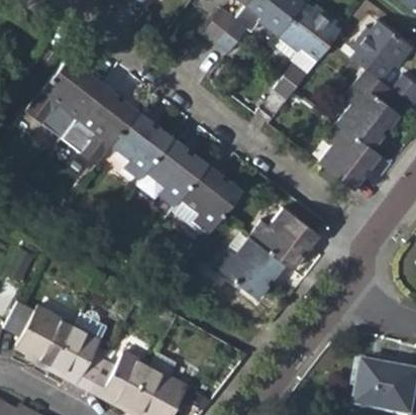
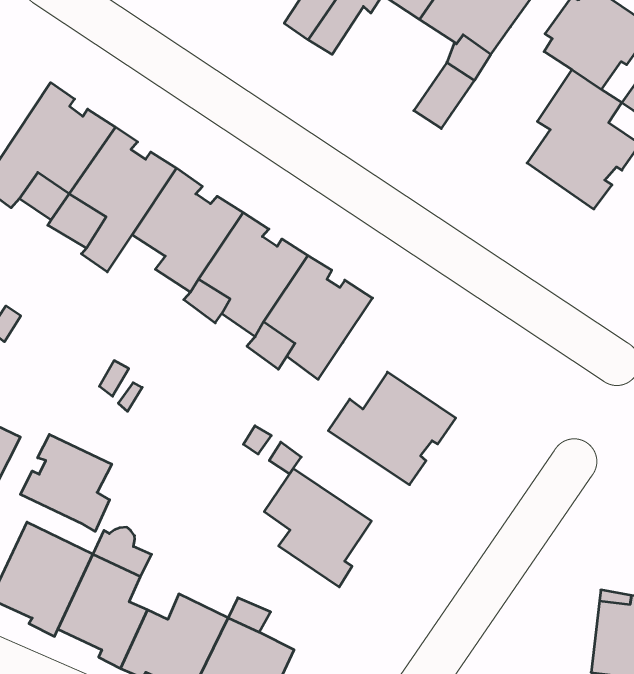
building: [317,118,380,187] -> none
building: [249,204,319,266] -> none
building: none -> [20,434,112,531]
building: none -> [264,468,371,587]

